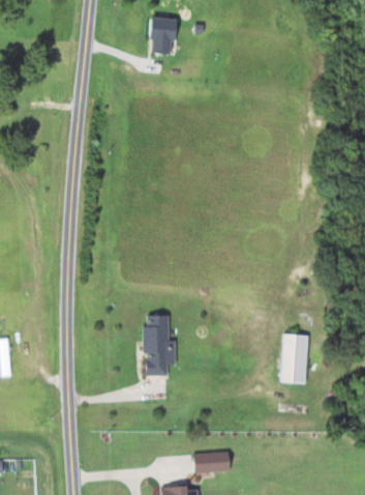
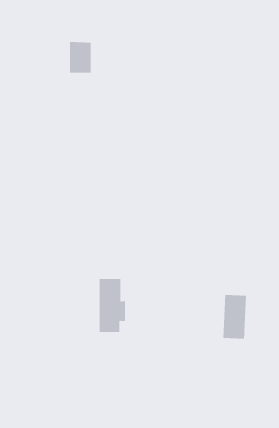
building: [150,19,175,54] -> [69,42,92,73]
building: [192,452,229,472] -> none

